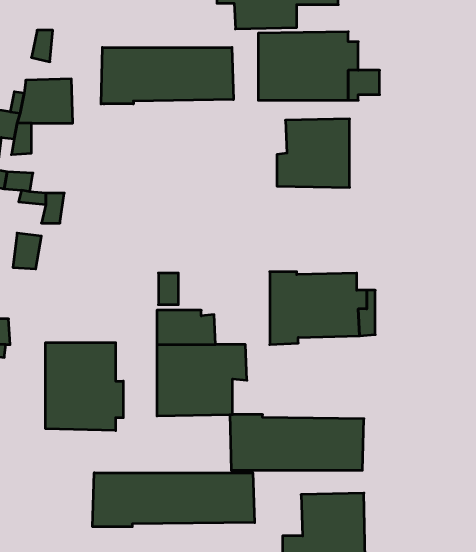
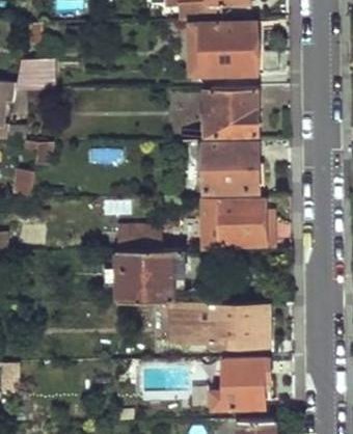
building: [101,47,233,104] -> none
building: none -> [197,145,263,192]
building: [46,343,123,431] -> none
building: [93,473,255,527] -> none

